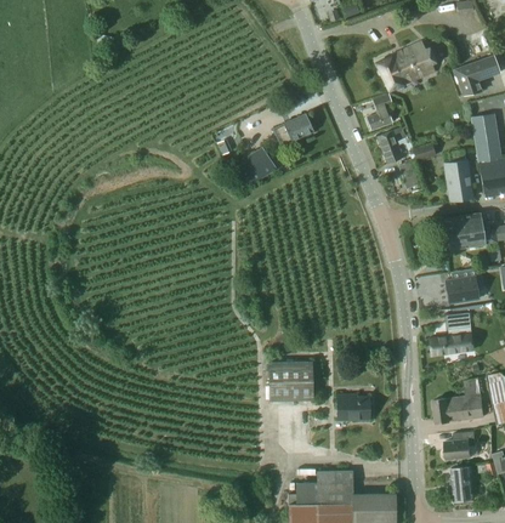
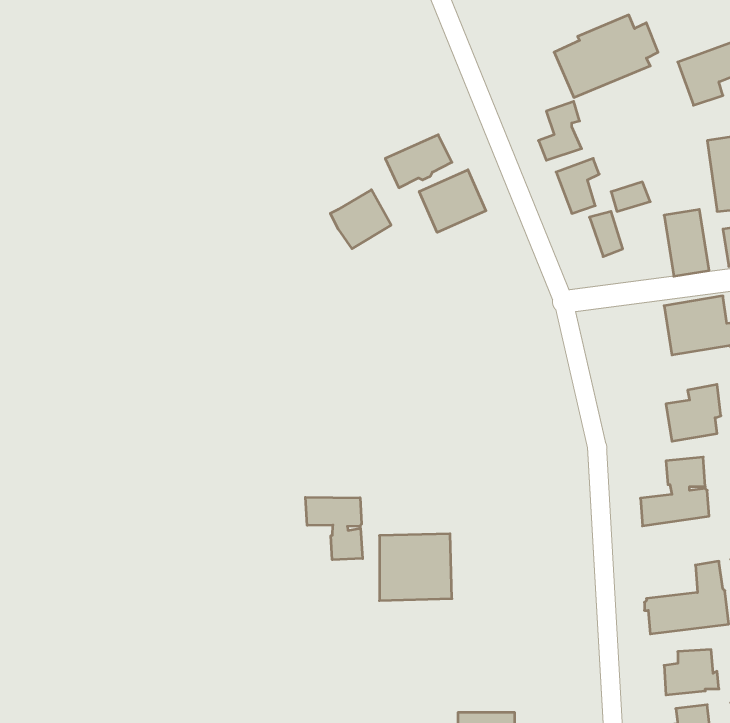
building: none -> [419,170,486,232]
building: none -> [305,497,363,560]
building: [337,396,369,419] -> none

